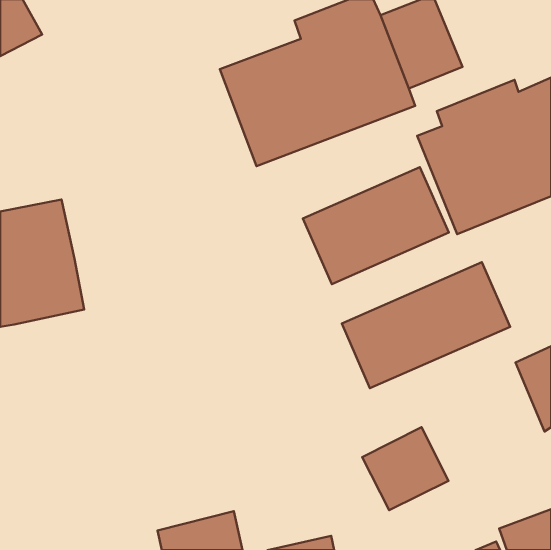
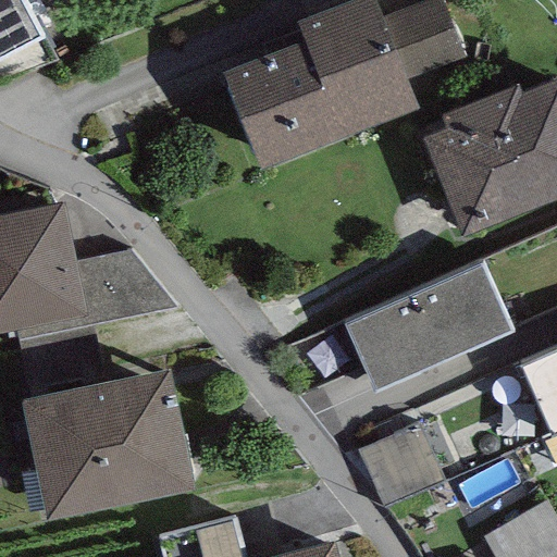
building: [303,167,449,284] -> none
building: none -> [14,249,176,339]
building: none -> [21,369,193,518]

